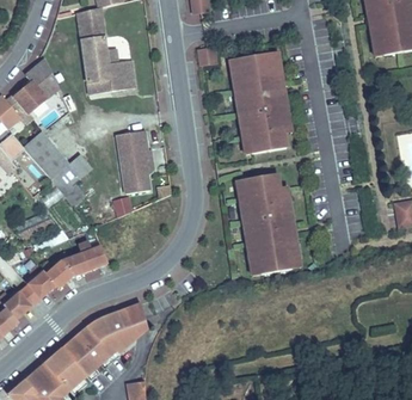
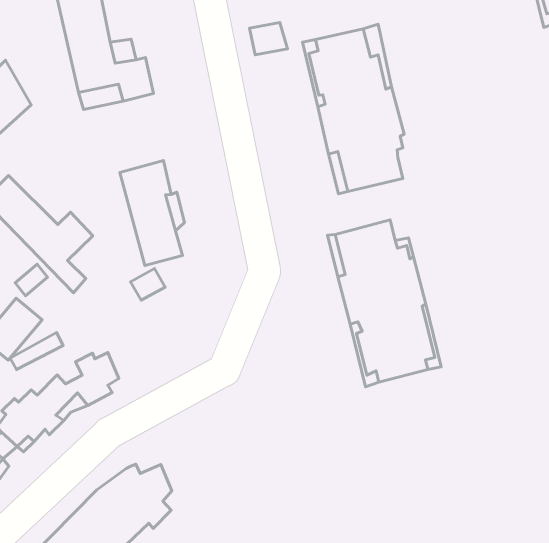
building: [109,301,148,344] -> none

